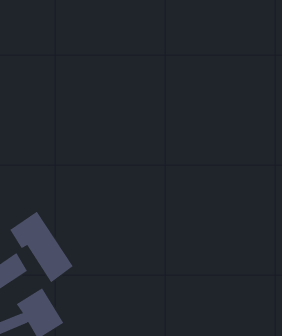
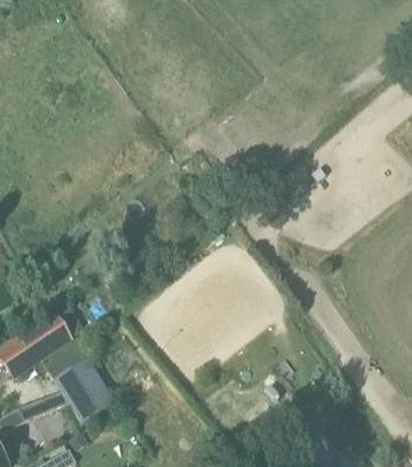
building: [9,211,74,283] -> none

